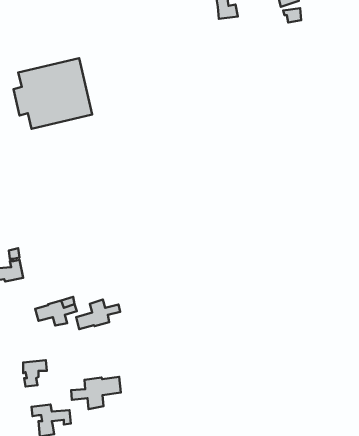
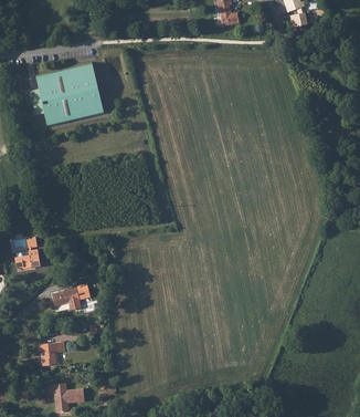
building: [76,300,120,329] -> none
building: [71,377,121,409] -> none

